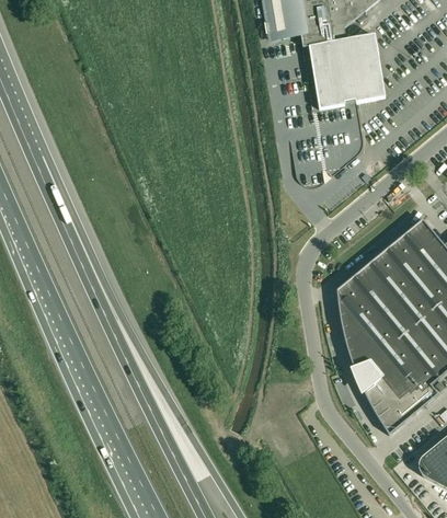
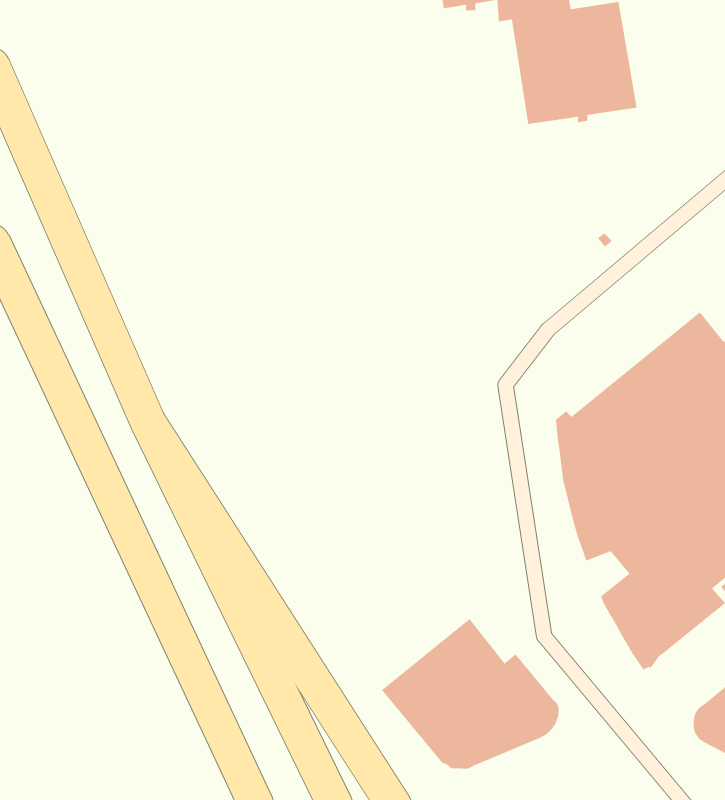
building: none -> [381,618,559,769]

